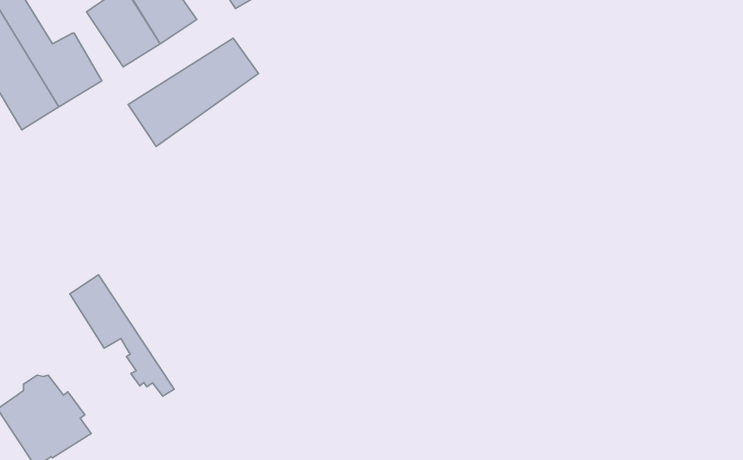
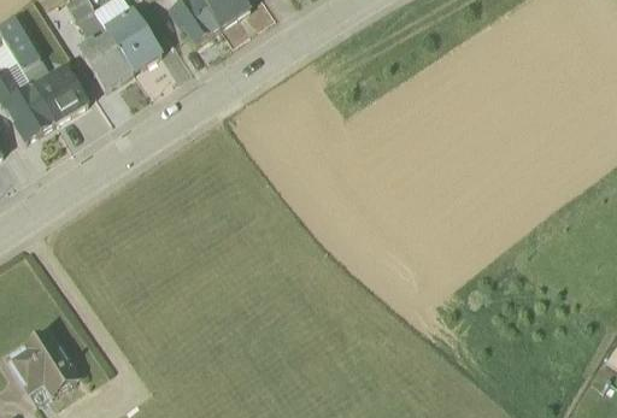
building: [128,38,258,147] -> none
building: [70,275,174,396] -> none

